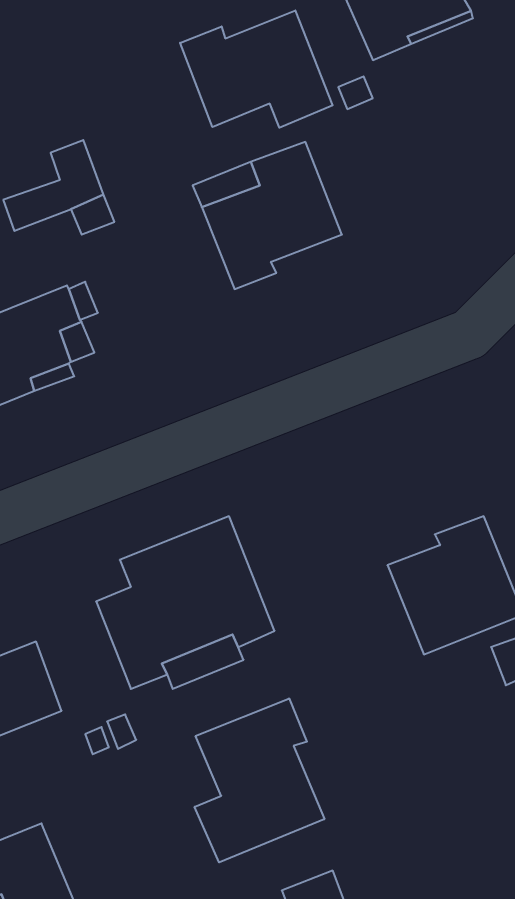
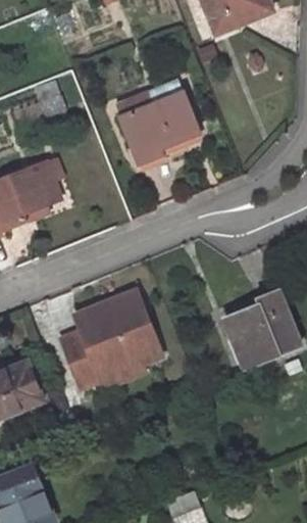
building: [180,10,333,128] -> none
building: [195,698,324,862] -> none

